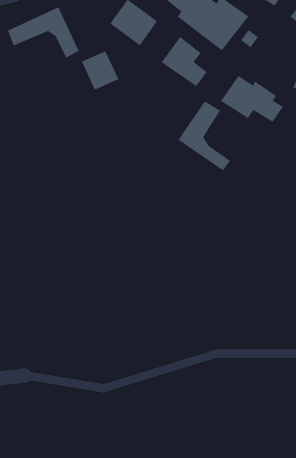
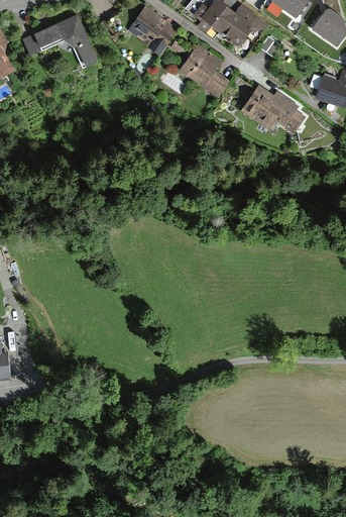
building: [81,50,119,90] -> none
building: [178,100,231,171] -> none

